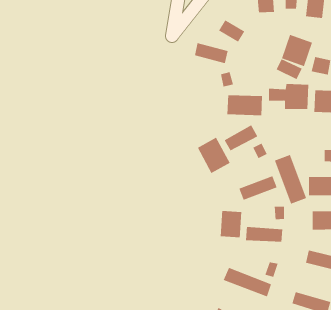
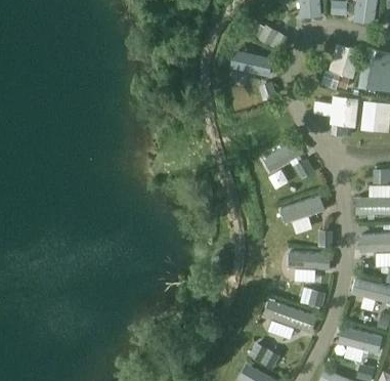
building: [227,94,263,116] -> none
building: [197,137,230,174] -> none
building: [274,154,307,204] -> none
building: [220,210,242,238] -> none

